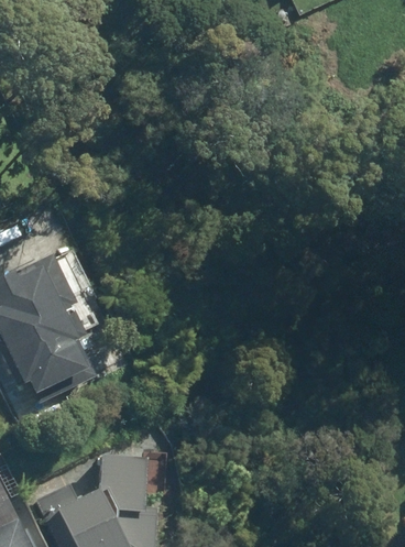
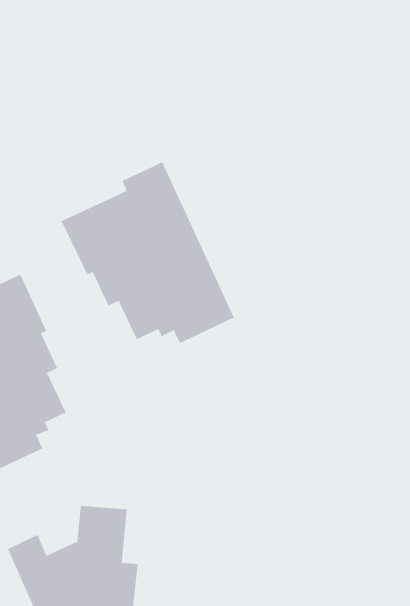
building: none -> [61,161,235,344]

